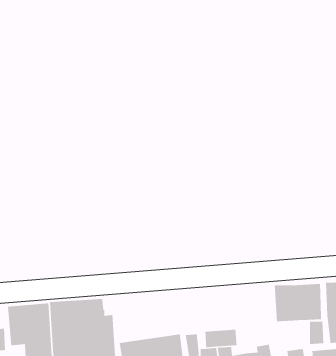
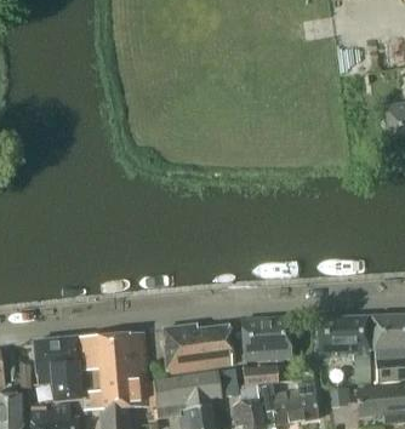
building: none -> [240,315,291,359]
building: none -> [161,324,230,372]

